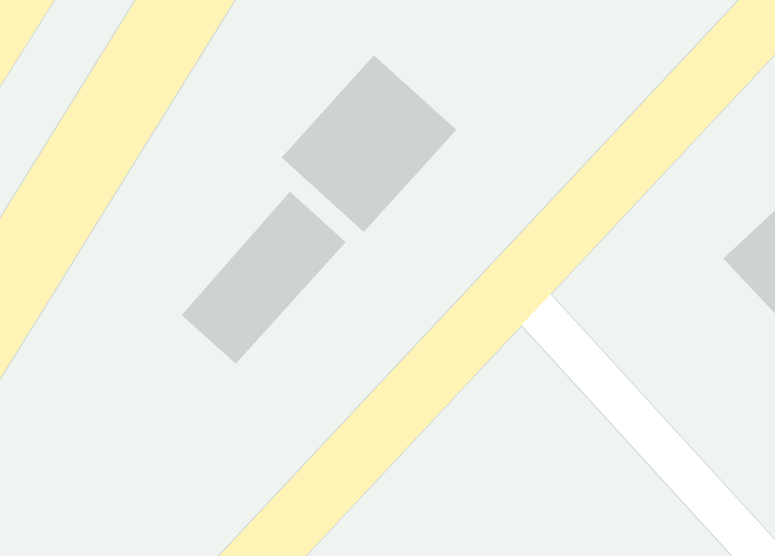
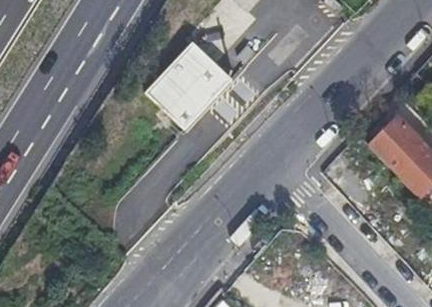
building: [181,191,347,364] -> none

